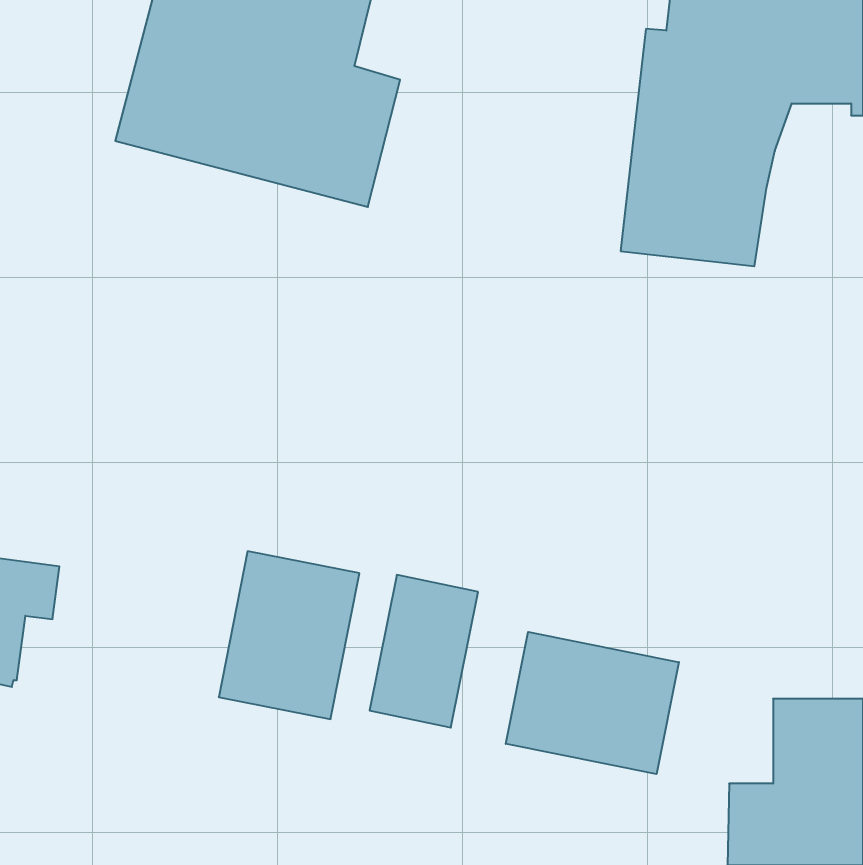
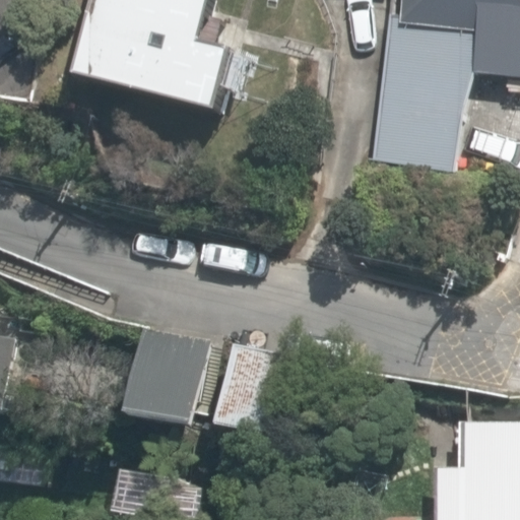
building: [506,632,679,774] -> none

